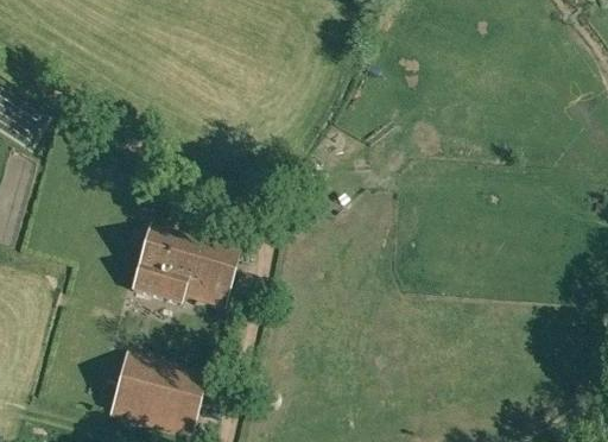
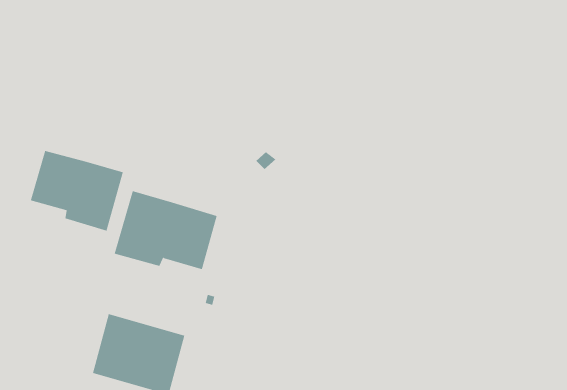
building: none -> [30,150,123,231]

